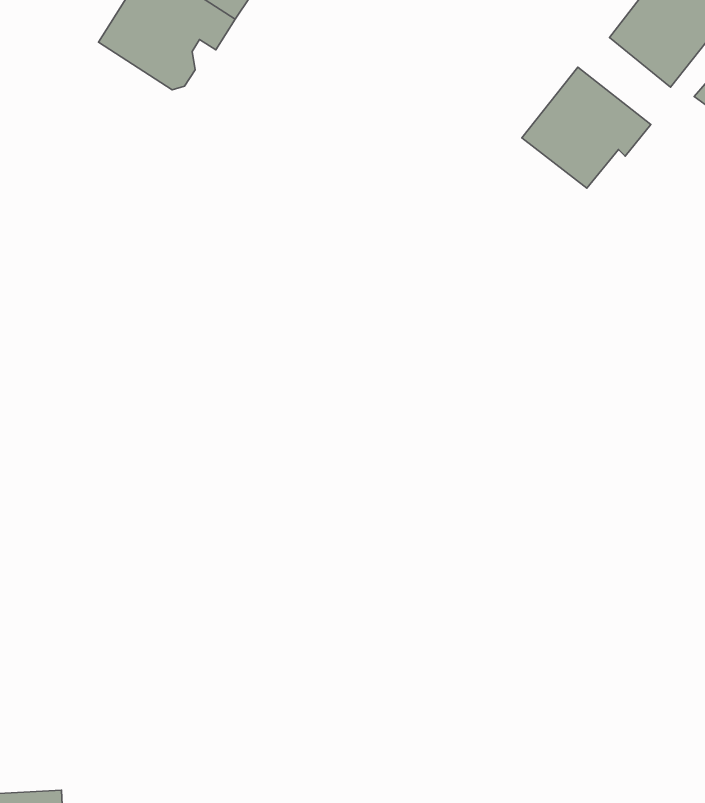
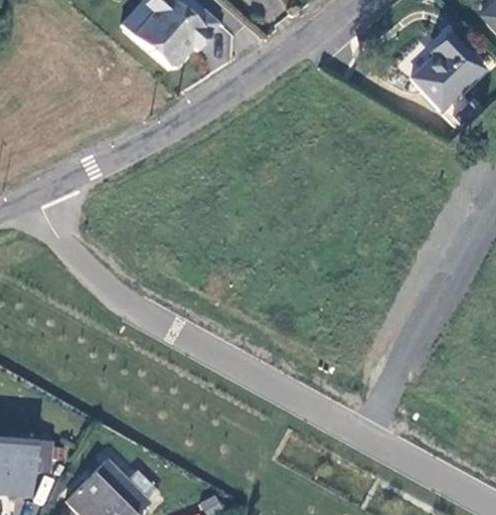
building: [522,67,651,188] -> none

